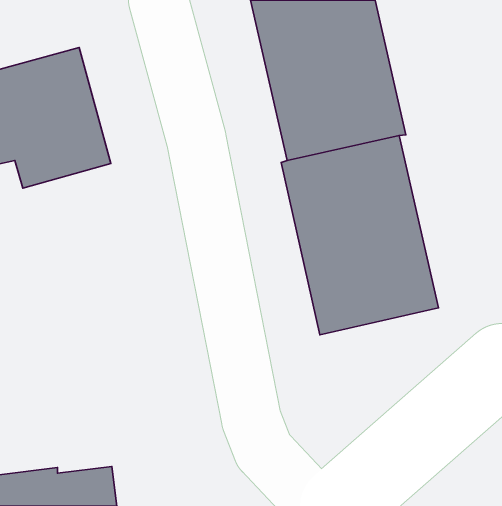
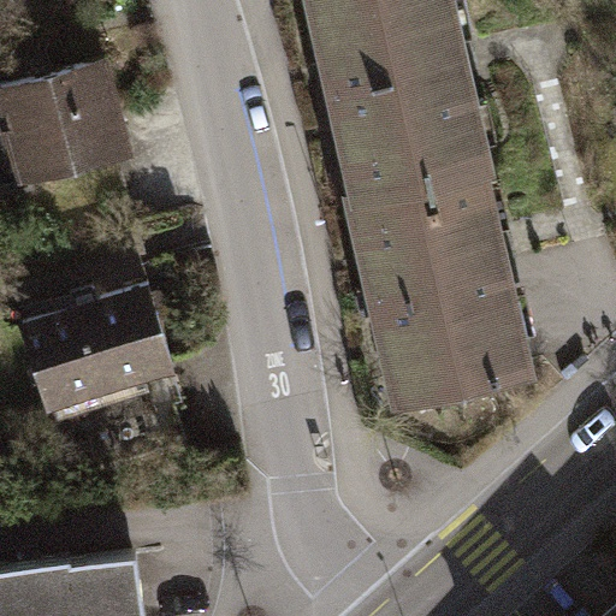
building: none -> [20,284,173,419]

